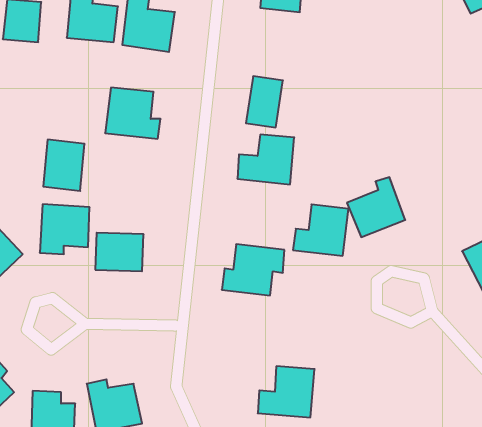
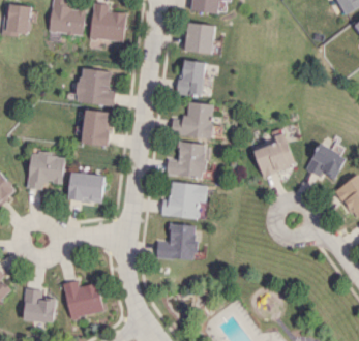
building: none -> [185,23,215,54]
building: [43,140,85,191] -> [82,110,112,147]
building: none -> [304,143,346,180]
building: [293,204,348,256] -> [167,142,207,179]
building: [258,366,315,417] -> [156,223,198,260]

